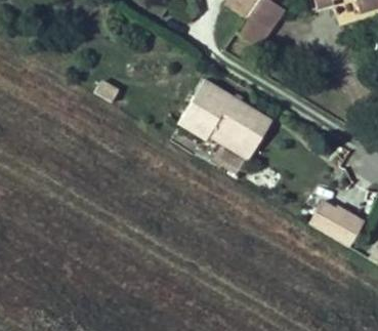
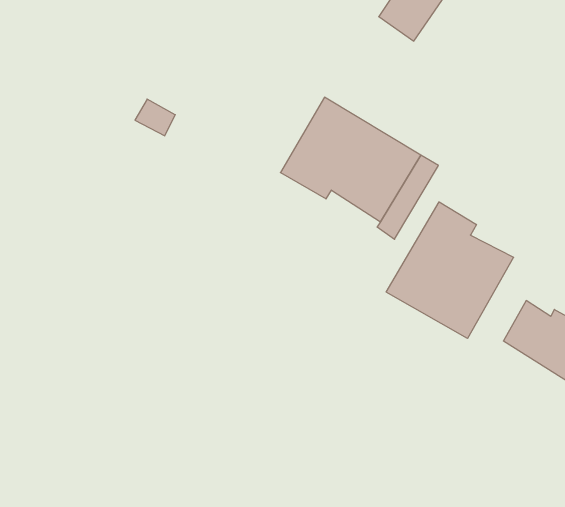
building: none -> [386,202,514,338]

